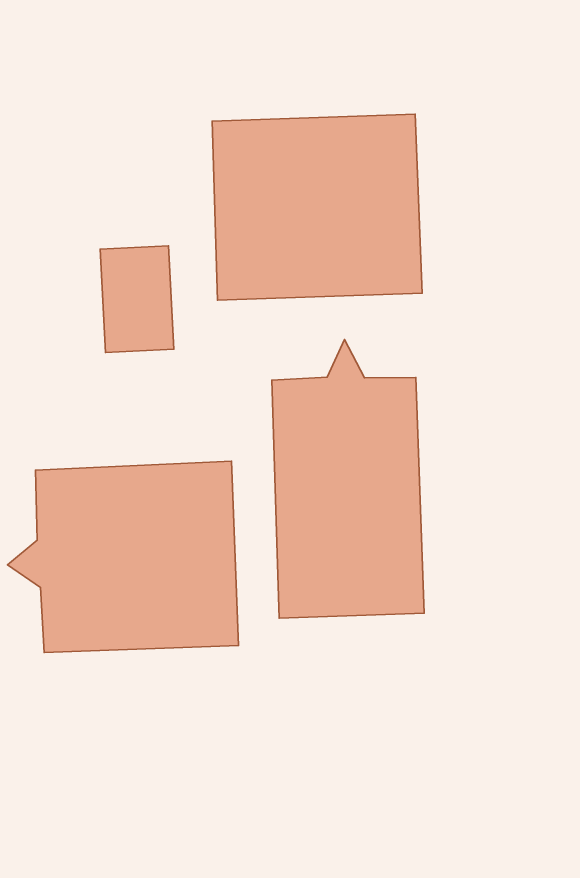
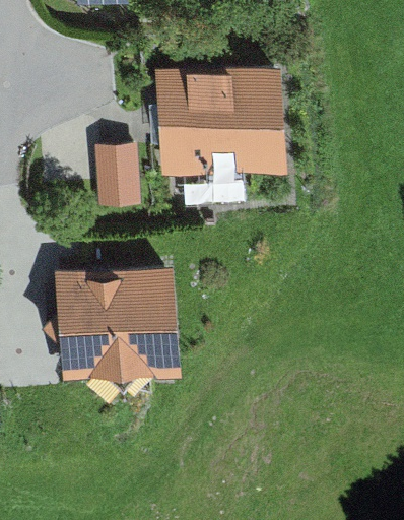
building: [272,339,424,618] -> none

